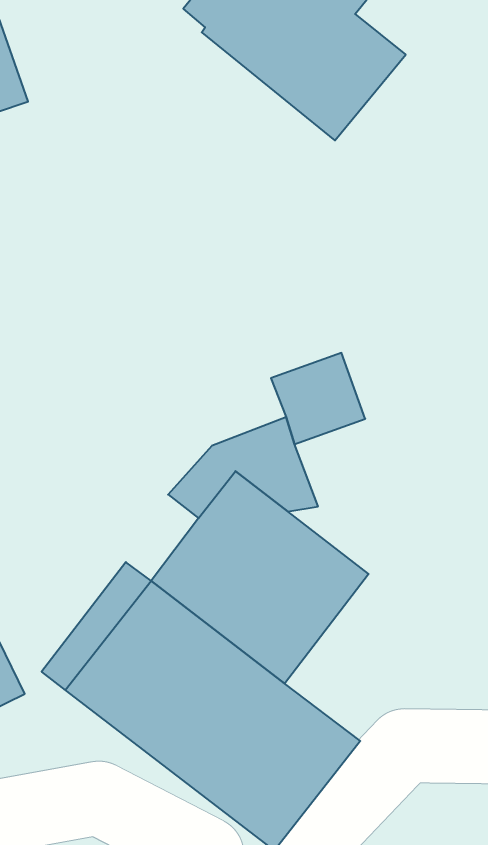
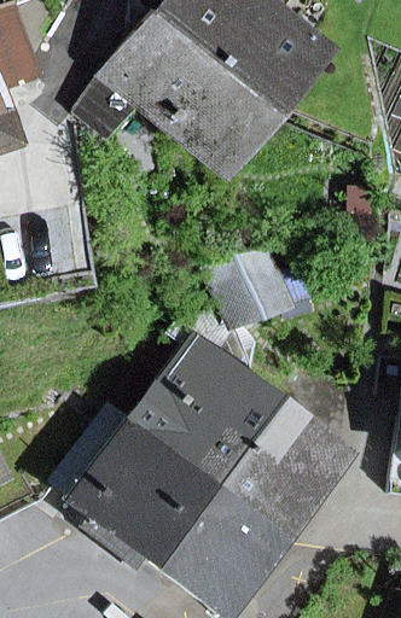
building: none -> [81,17,267,164]
building: none -> [231,421,345,541]

